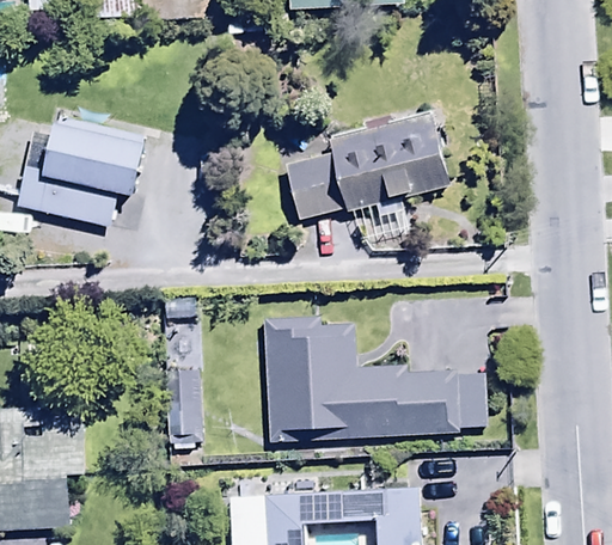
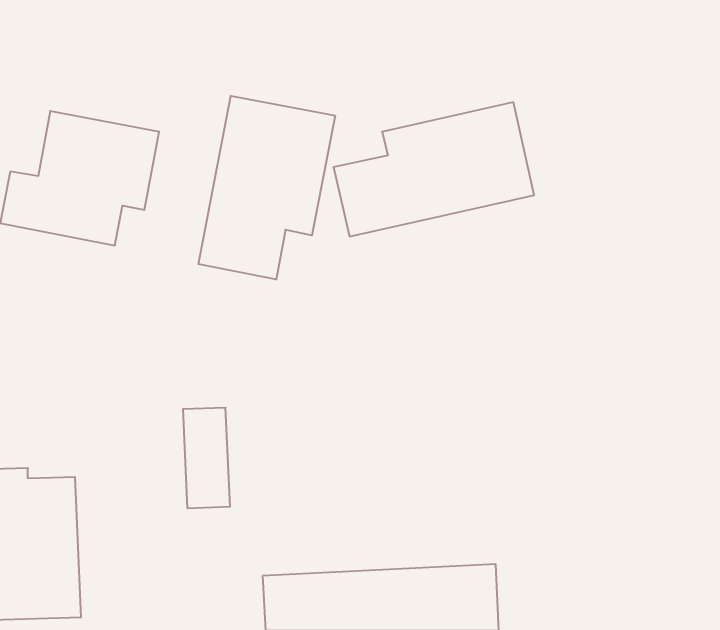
building: none -> [198,96,335,280]
building: [262,316,488,441] -> none

